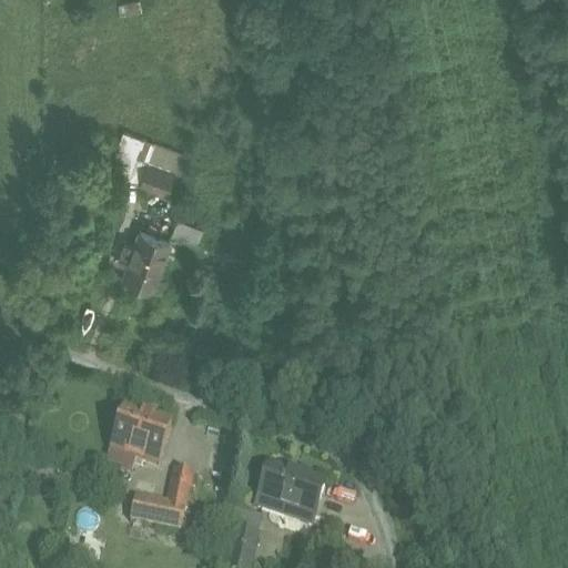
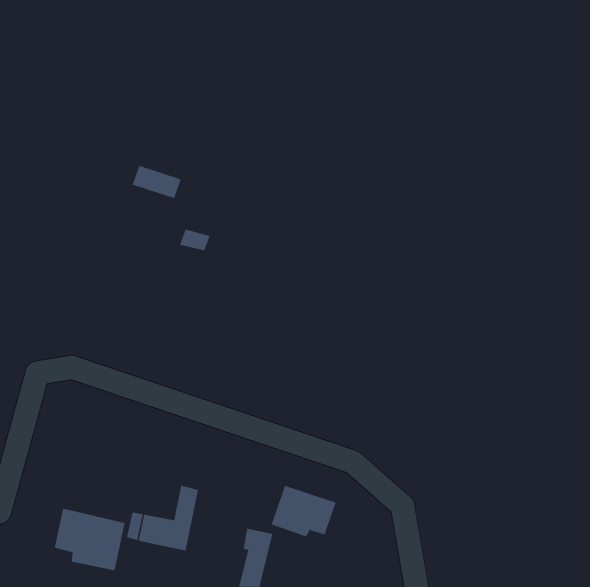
building: [121,231,170,286] -> none
building: [112,408,169,460] -> none
building: none -> [54,508,125,571]

